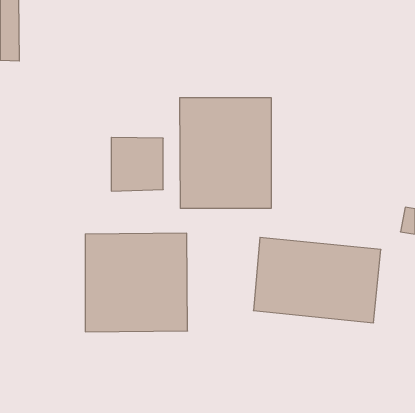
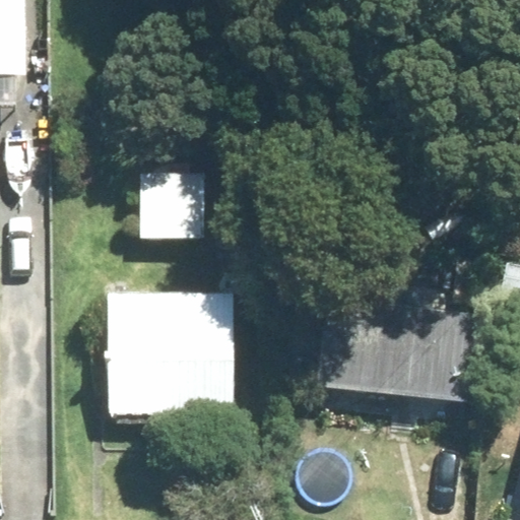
building: [180,98,271,208] -> none

